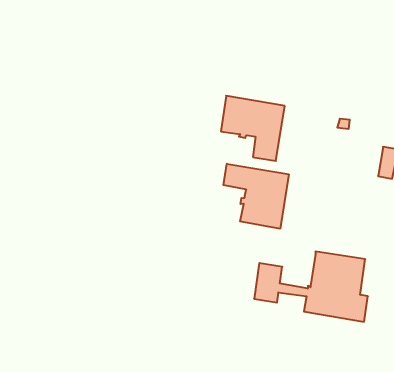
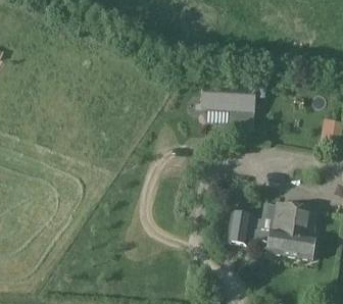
building: [223,164,289,229] -> none

